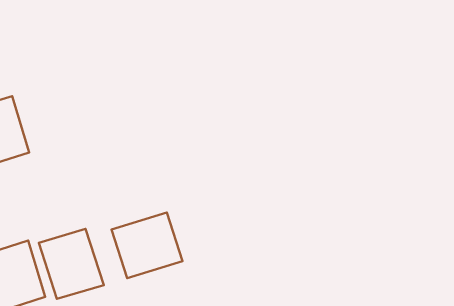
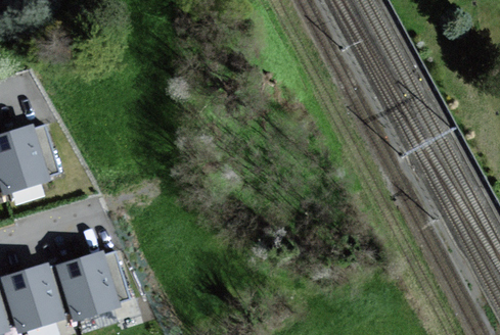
building: [111,212,183,278] -> none

